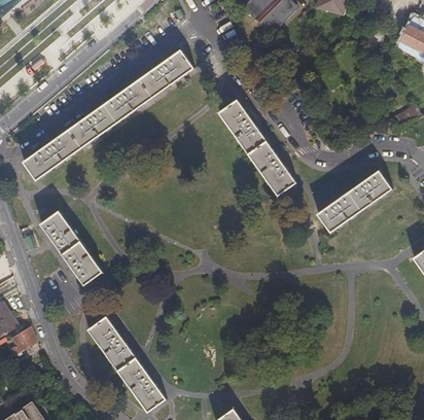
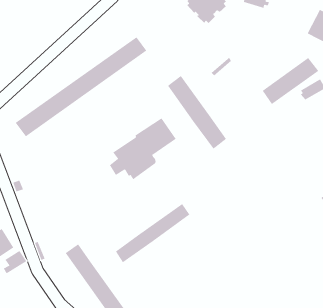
building: none -> [109,118,177,180]
building: [318,171,391,232] -> [262,57,319,105]
building: [39,209,101,284] -> none
building: none -> [115,203,190,263]

